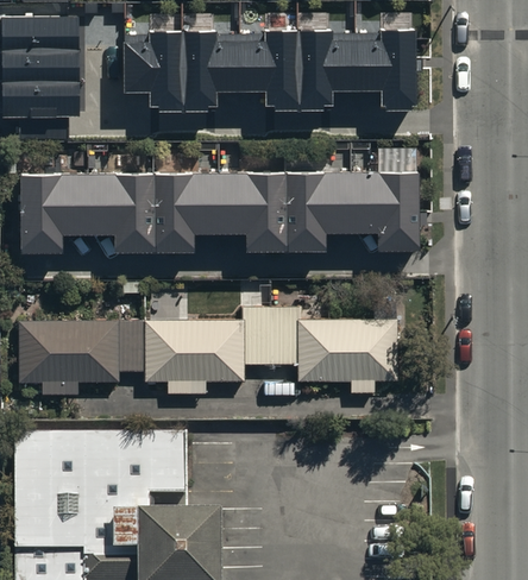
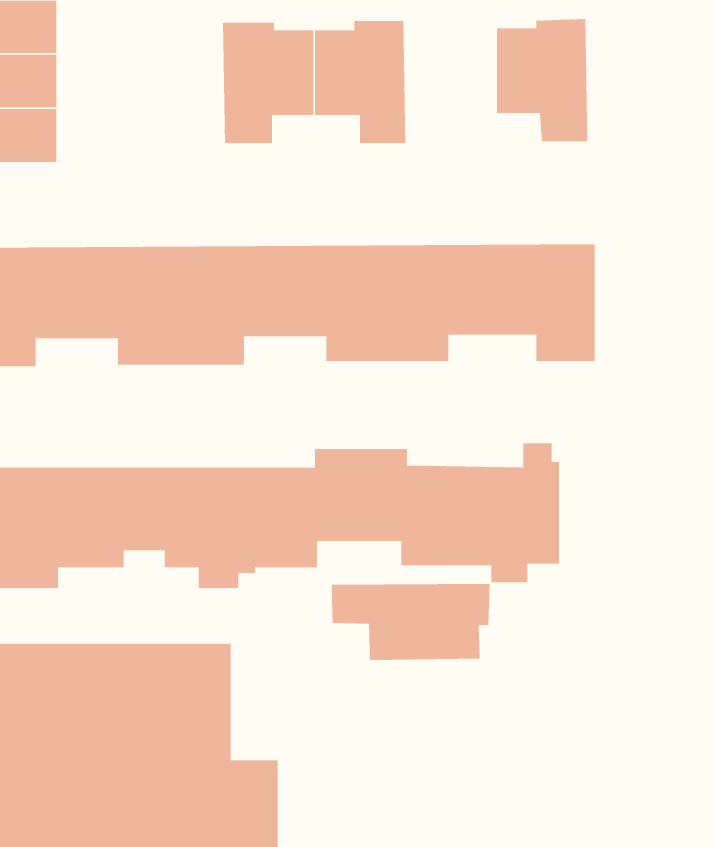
building: [297,33,356,112] -> none
building: [125,34,183,112] -> none
building: none -> [331,583,490,661]

